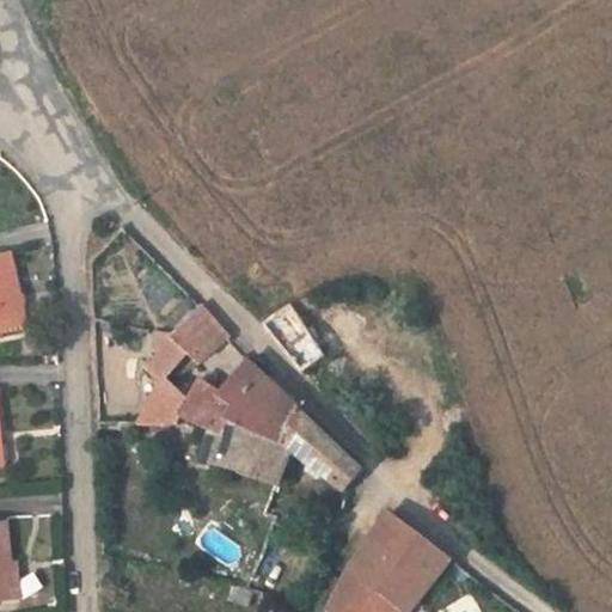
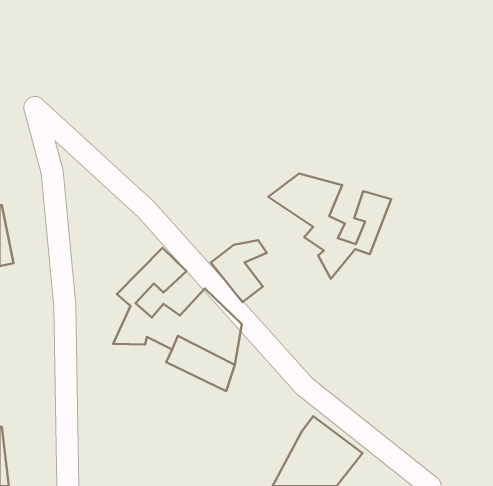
building: none -> [268,173,391,279]
building: [290,400,357,486] -> none

